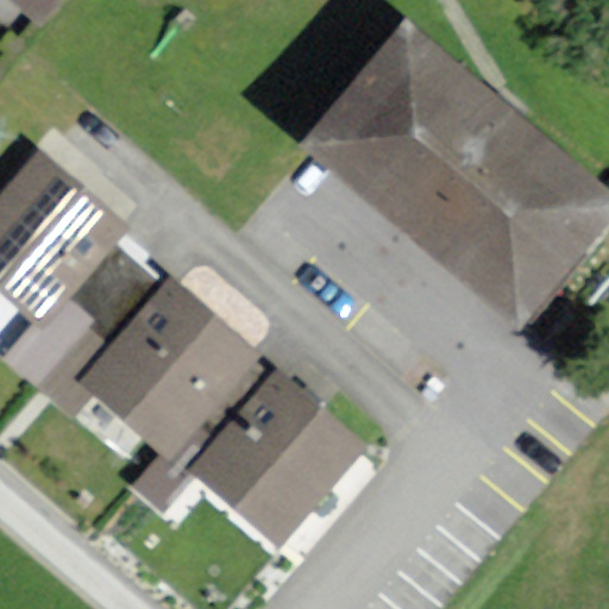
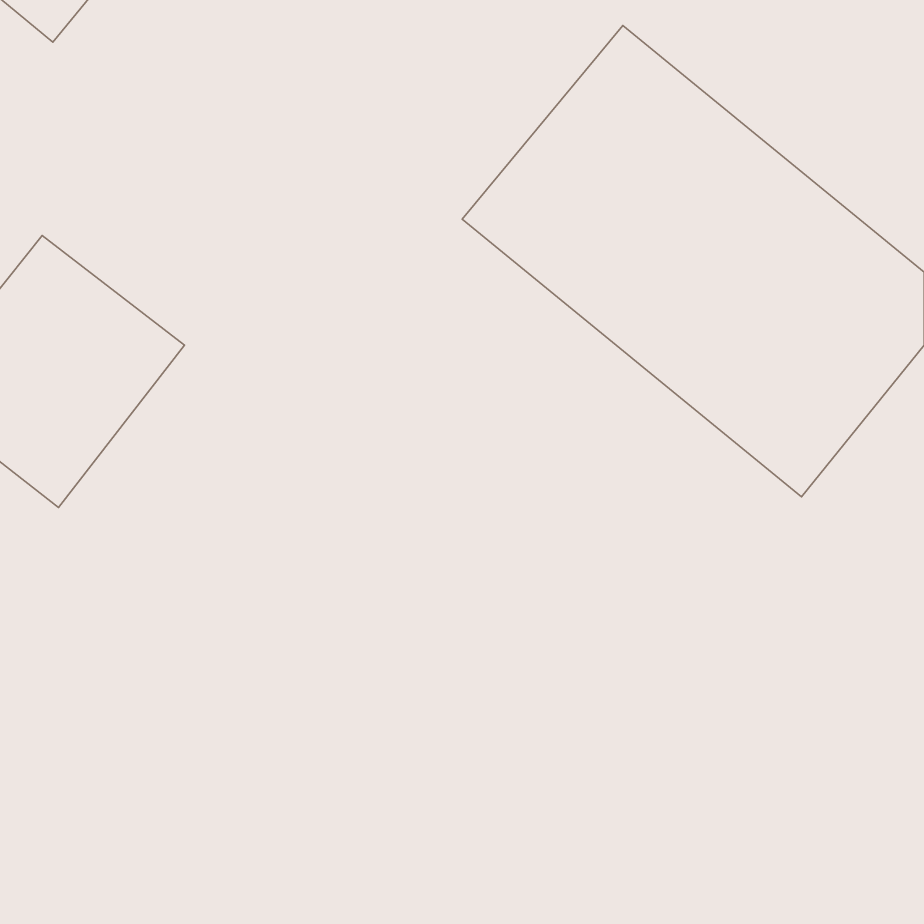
building: [75,281,258,466] -> none
building: [189,372,363,547] -> none

